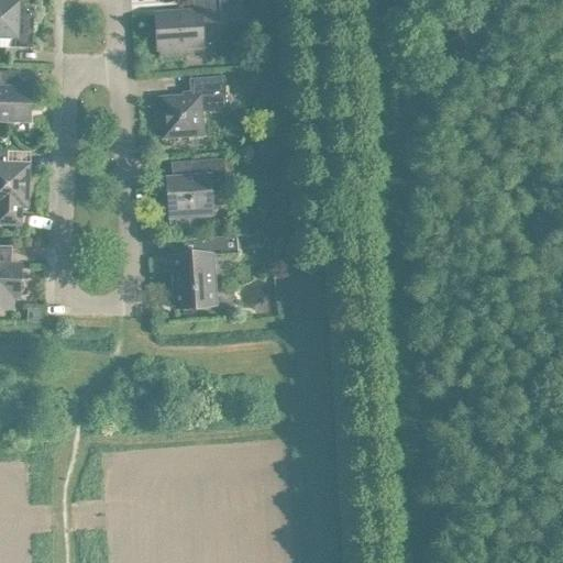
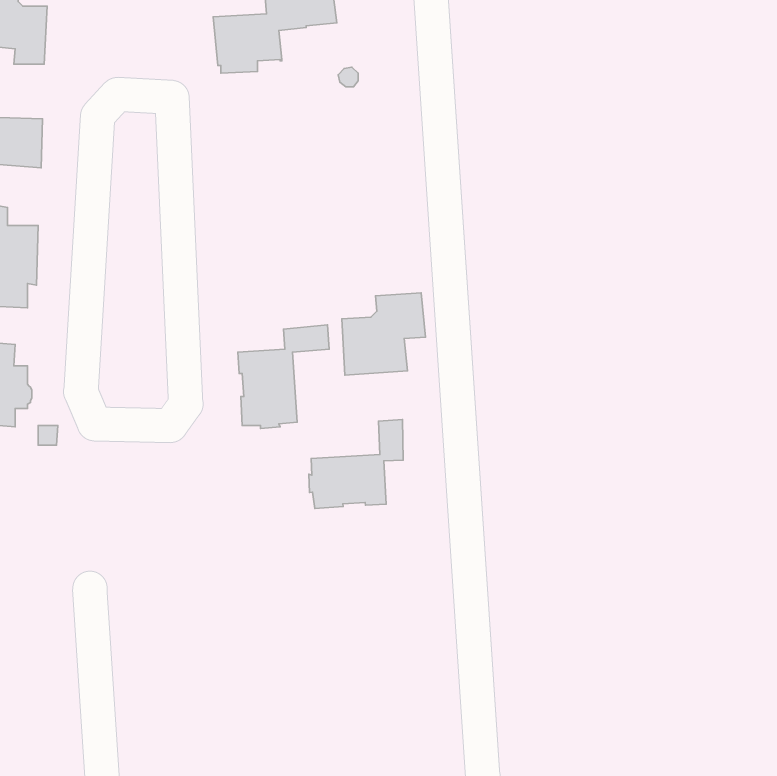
building: [161,75,227,136] -> none
building: [166,157,227,217] -> [342,293,426,375]
building: none -> [309,420,403,509]

